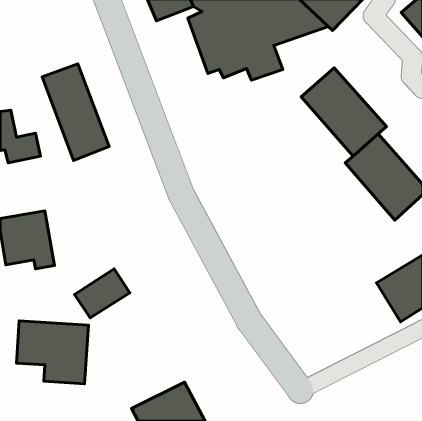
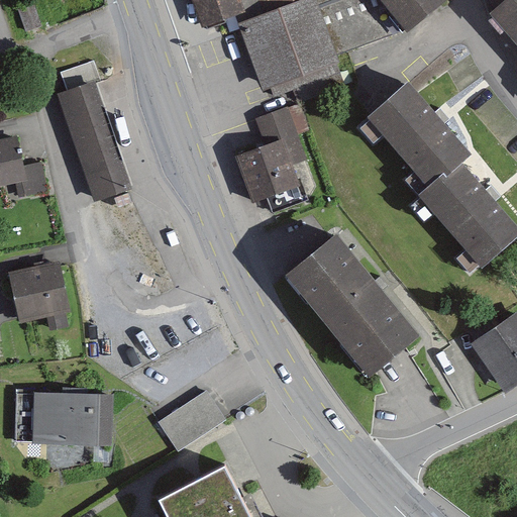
building: none -> [229,103,315,205]
building: none -> [274,220,420,378]
building: [74,269,130,318] -> [161,390,228,449]

